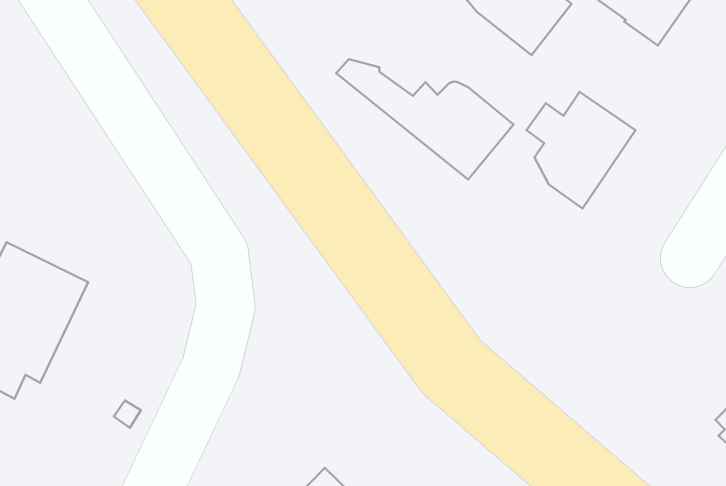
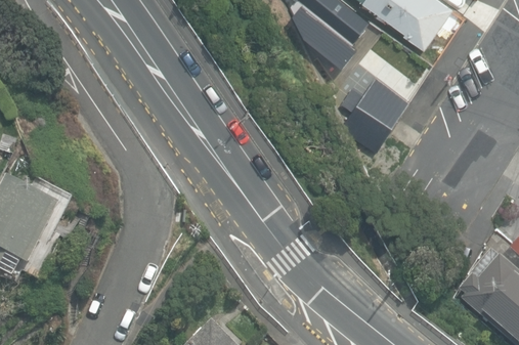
building: [336,59,513,179] -> none

